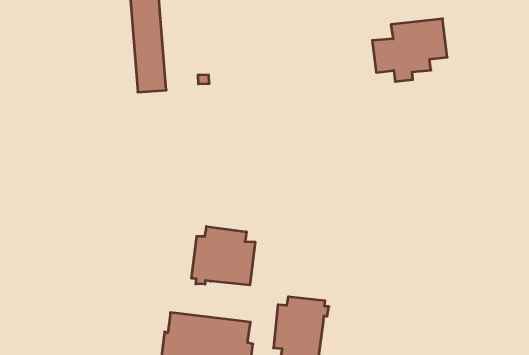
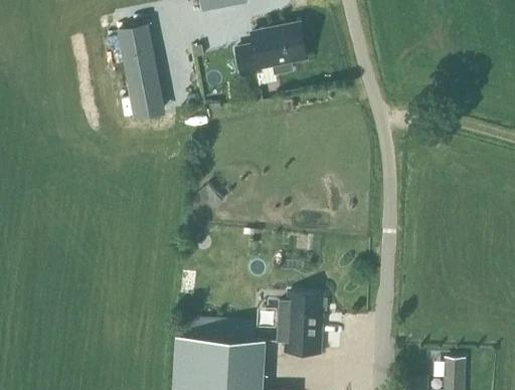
building: [372,19,447,81] -> [236,24,307,85]
building: [192,226,255,285] -> none

